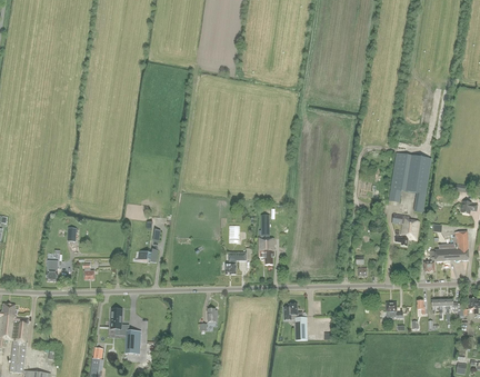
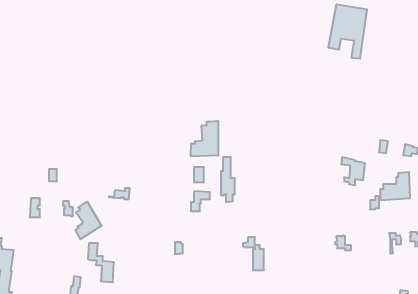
building: [388,152,431,212] -> [328,5,367,59]
building: none -> [191,121,218,156]
building: none -> [75,202,102,239]

